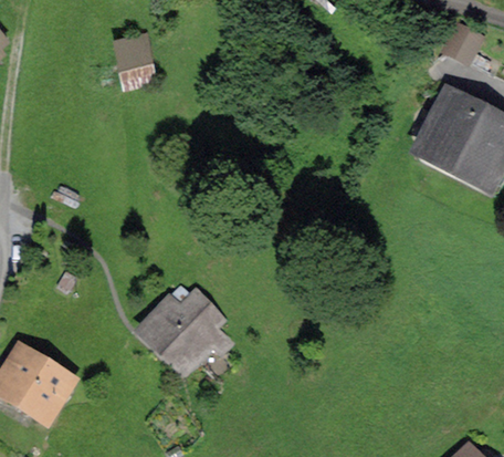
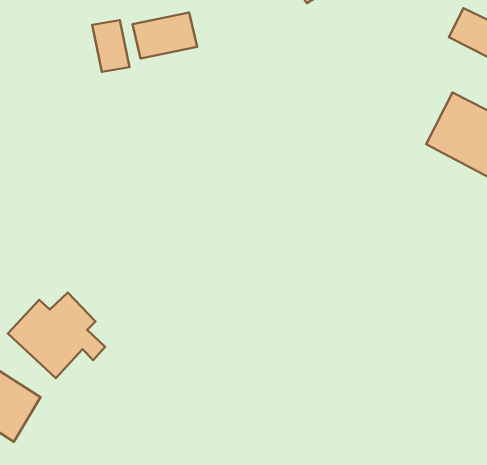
building: none -> [132,13,197,58]
building: [139,289,229,367] -> [8,293,105,378]

